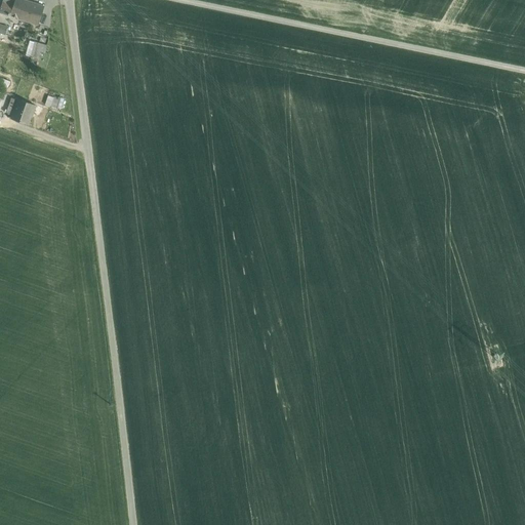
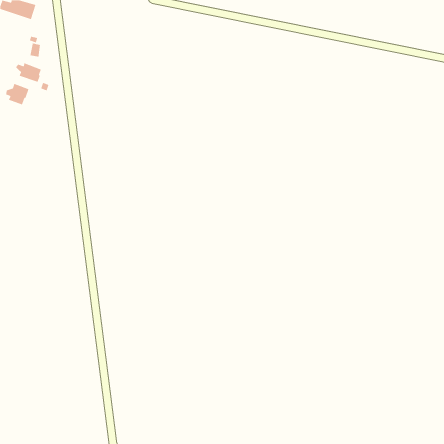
building: none -> [15,62,42,83]

